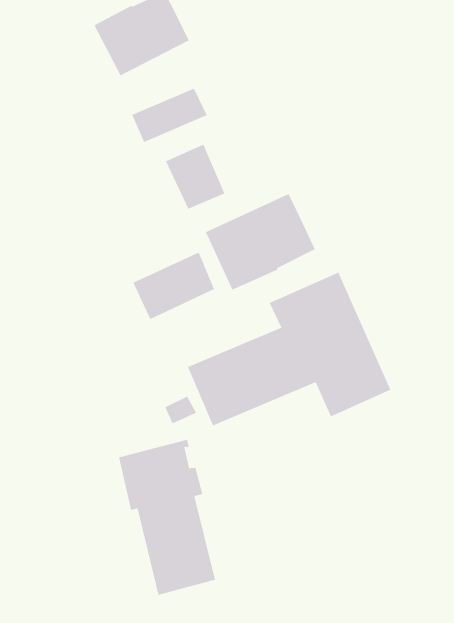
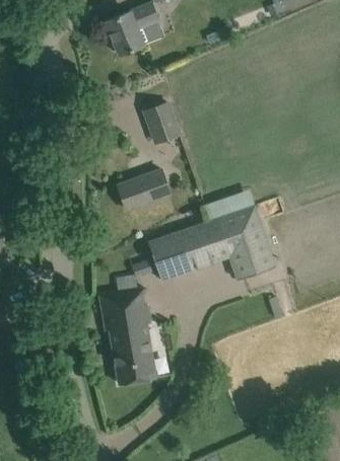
building: [132,88,208,143] -> none
building: [205,193,316,290] -> none

